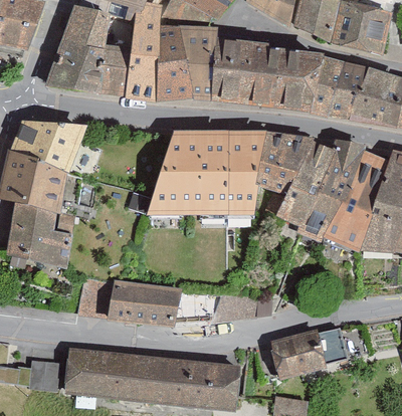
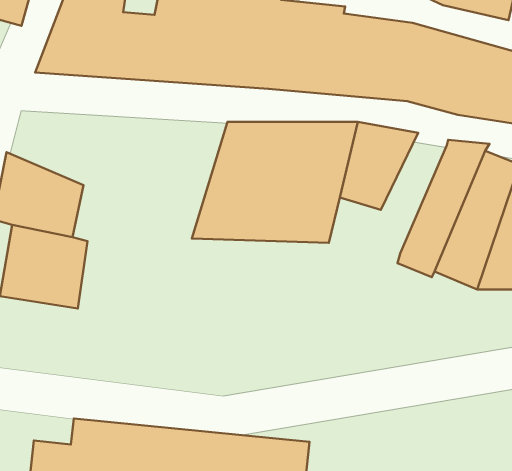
building: [13,120,88,174] -> none
building: [277,136,336,224] -> none
building: [73,279,272,325] -> none
building: [264,325,345,379] -> none

